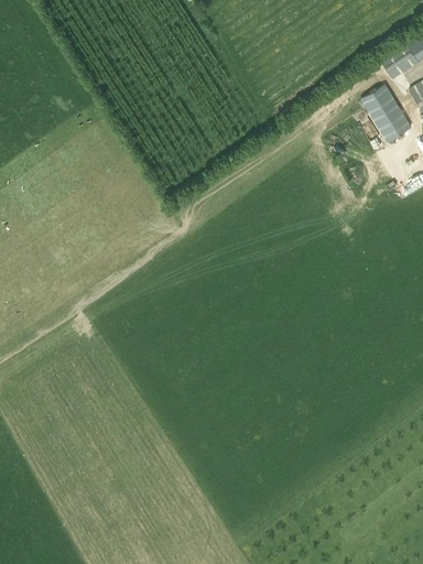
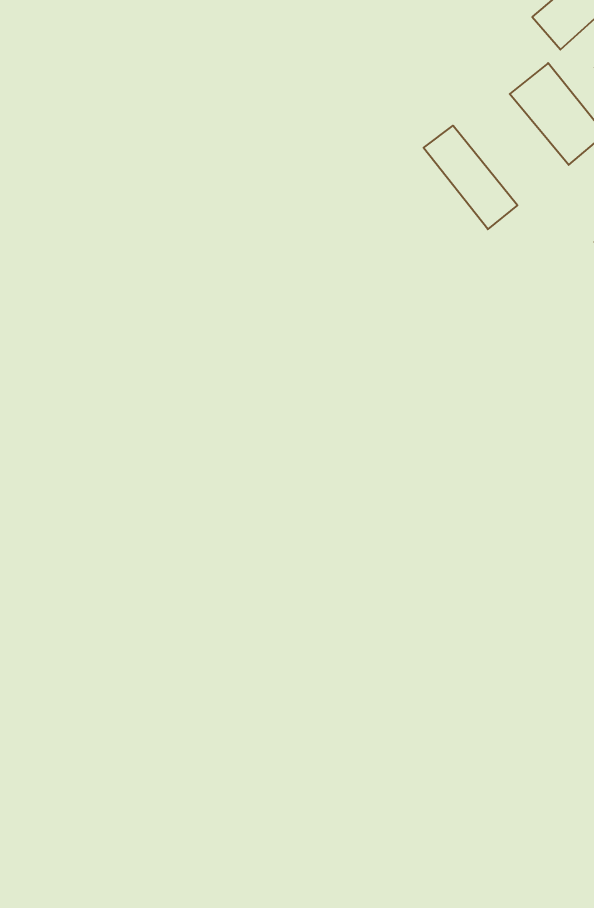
building: none -> [424,126,517,229]

